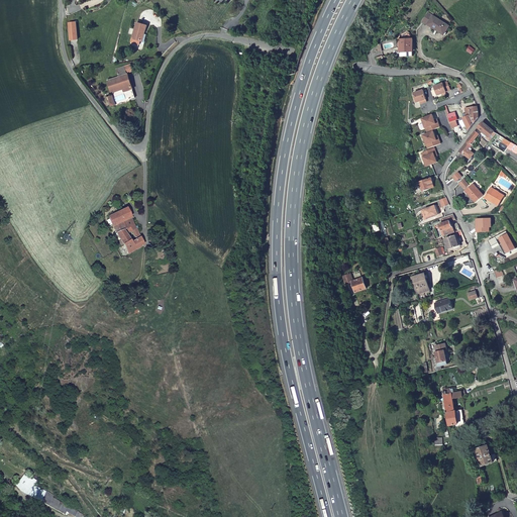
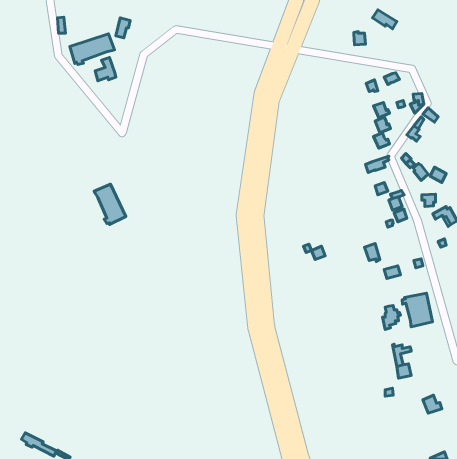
building: none -> [70,34,114,65]
building: none -> [402,293,433,327]

